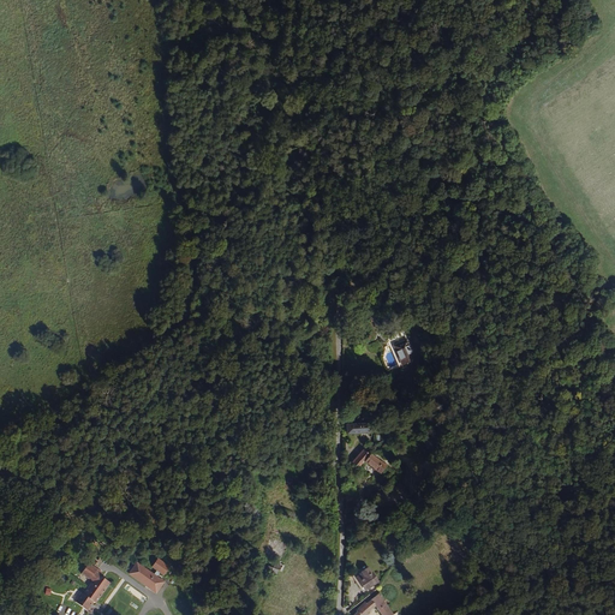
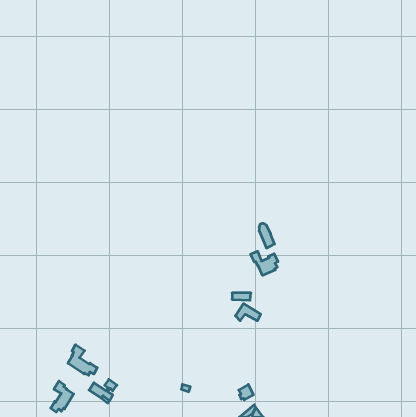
building: none -> [251,251,278,275]
building: none -> [68,345,97,375]

